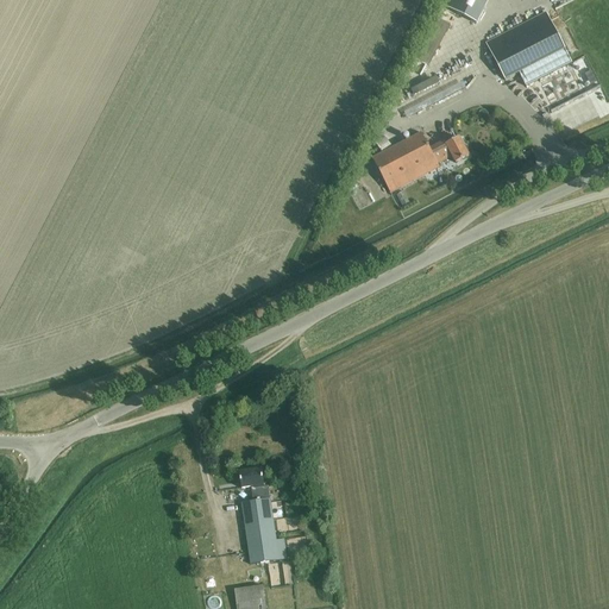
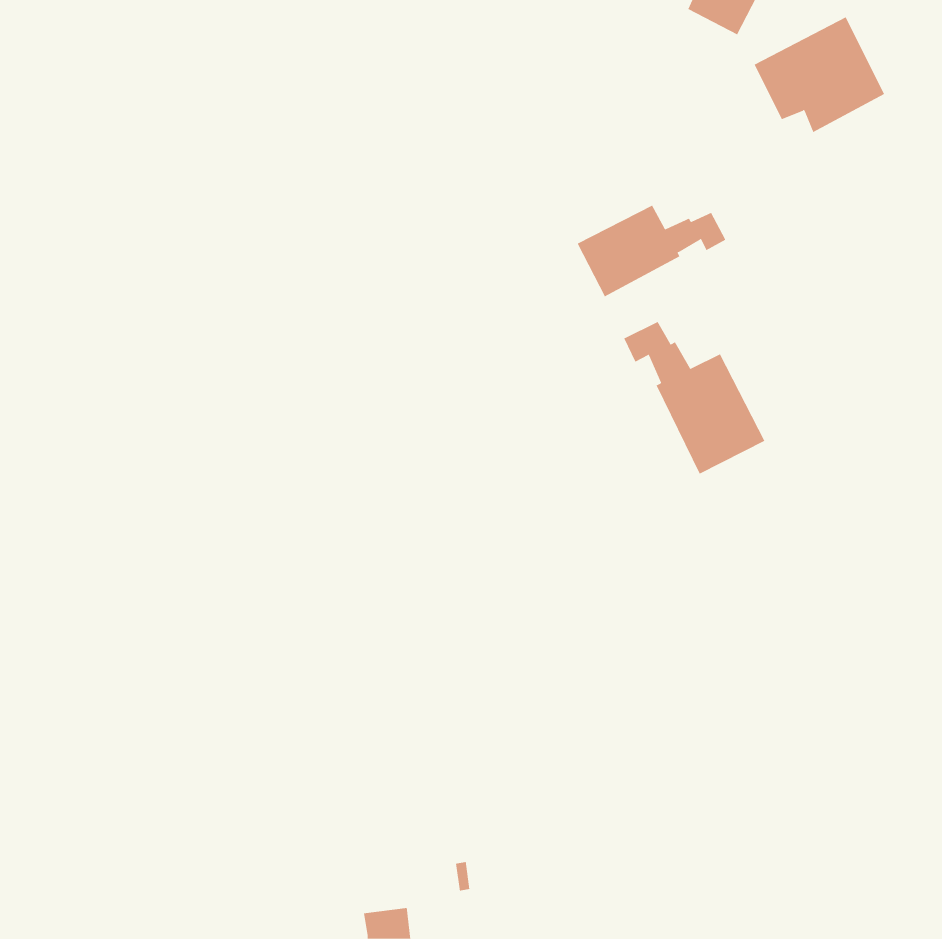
building: none -> [623,321,765,475]
building: [239,467,287,563] -> none

